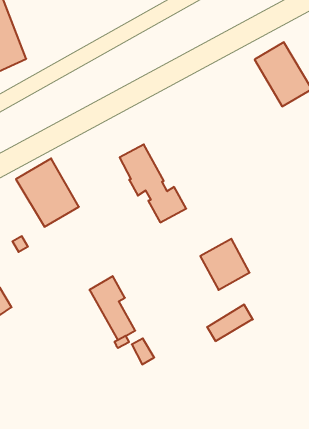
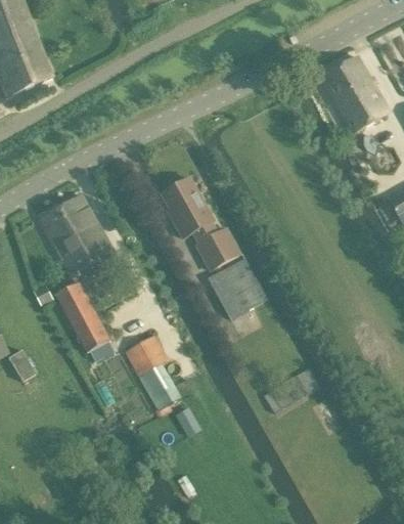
building: none -> [55,281,110,353]
building: [200,239,250,290] -> [206,257,264,317]

